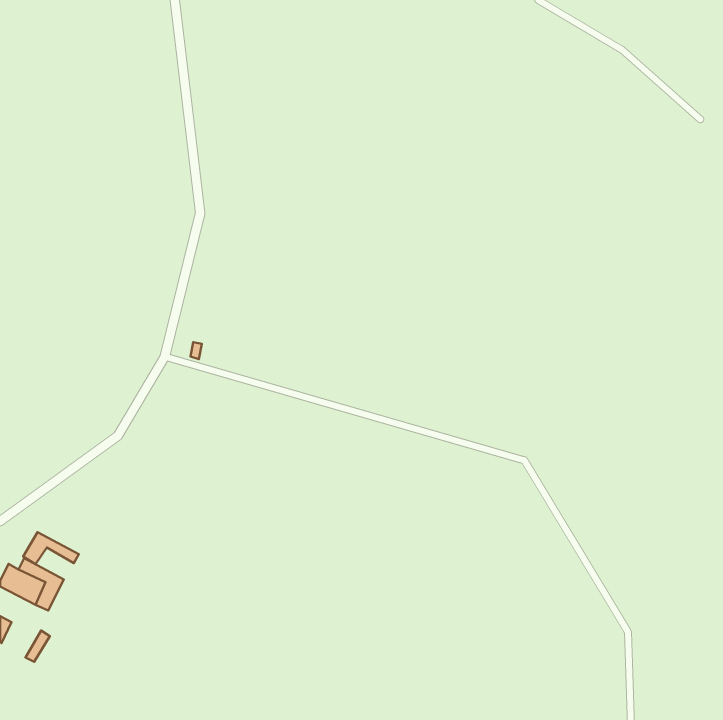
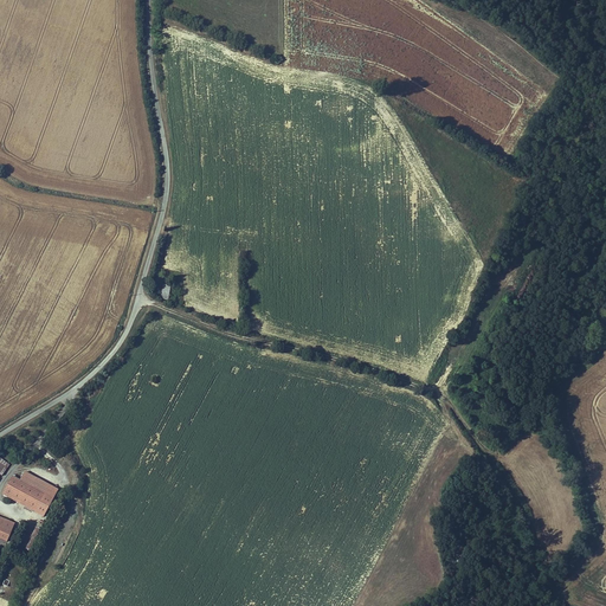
building: [23,532,79,564] -> none

